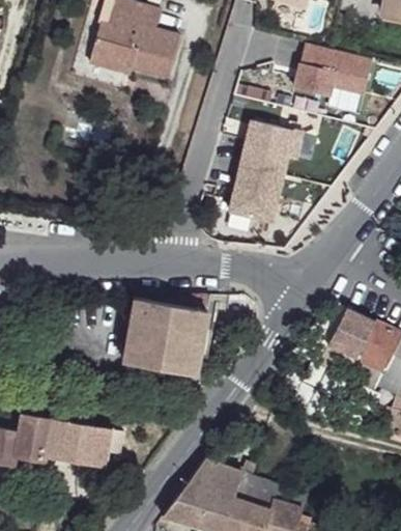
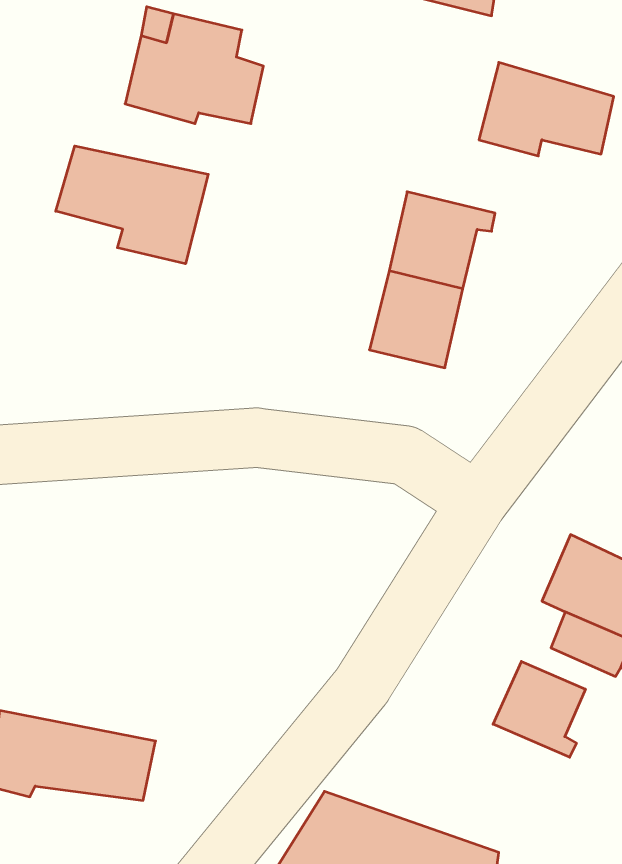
building: none -> [56,146,208,264]
building: [114,302,207,378] -> none
building: none -> [493,661,585,757]

